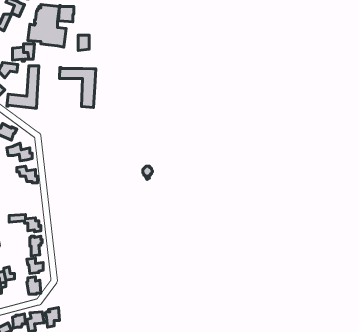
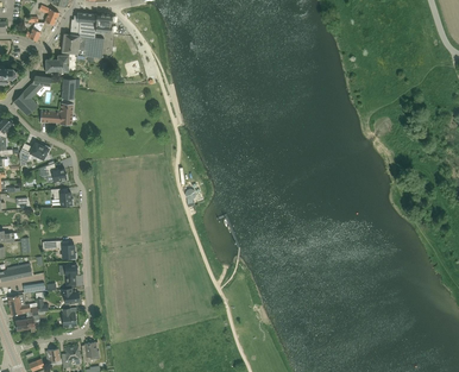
building: [60,67,96,108] -> none

